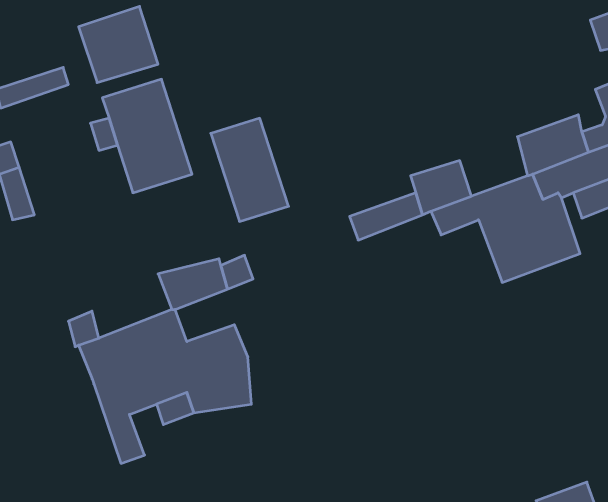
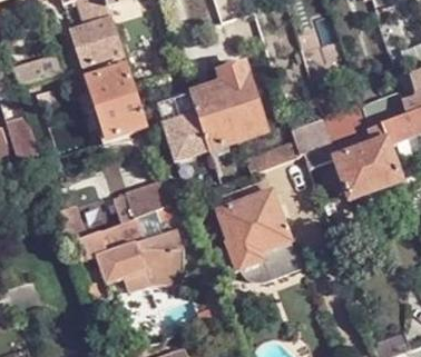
building: none -> [189,62,264,148]
building: none -> [216,189,300,278]

